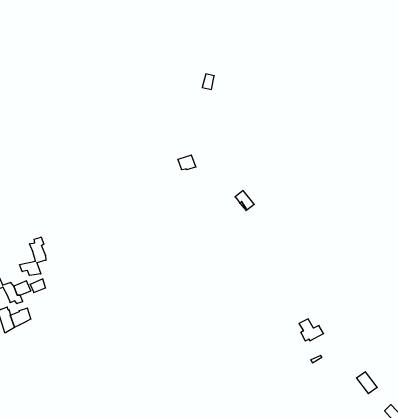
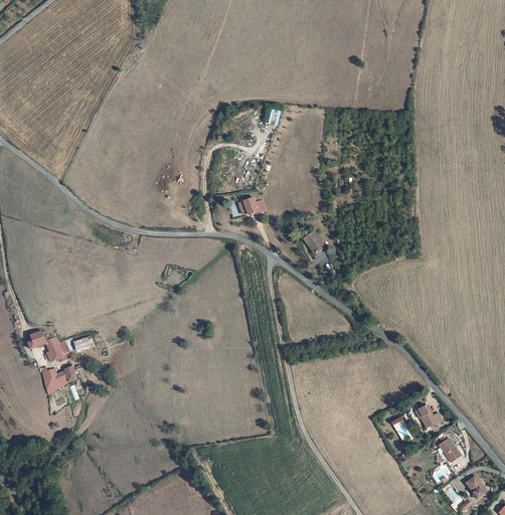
building: [20,237,46,275] -> none
building: [299,319,324,341] -> [414,406,442,431]

